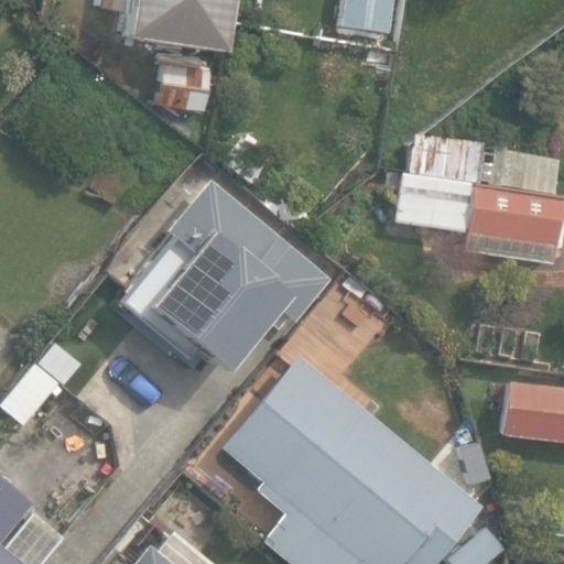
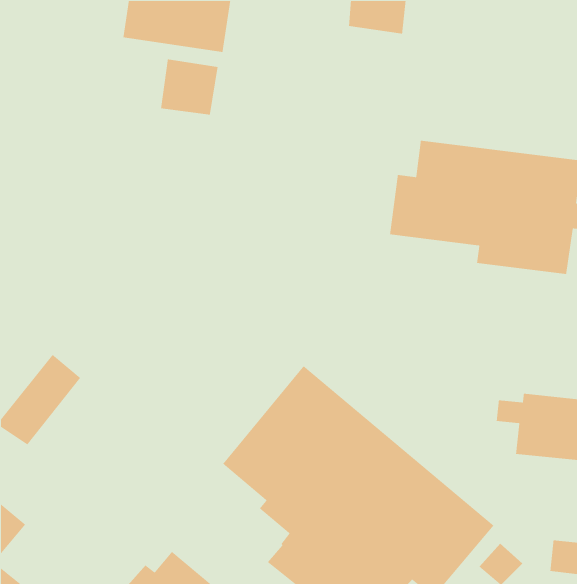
building: [118,182,330,372] -> none

